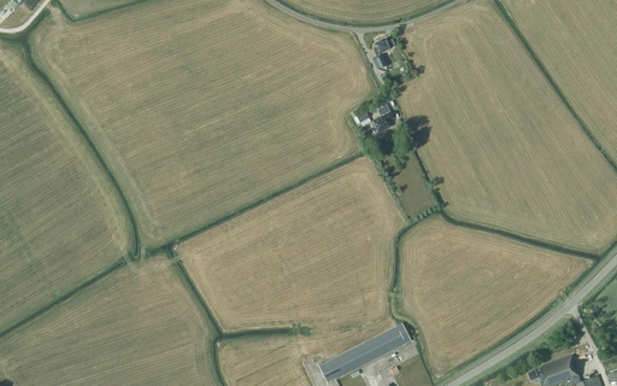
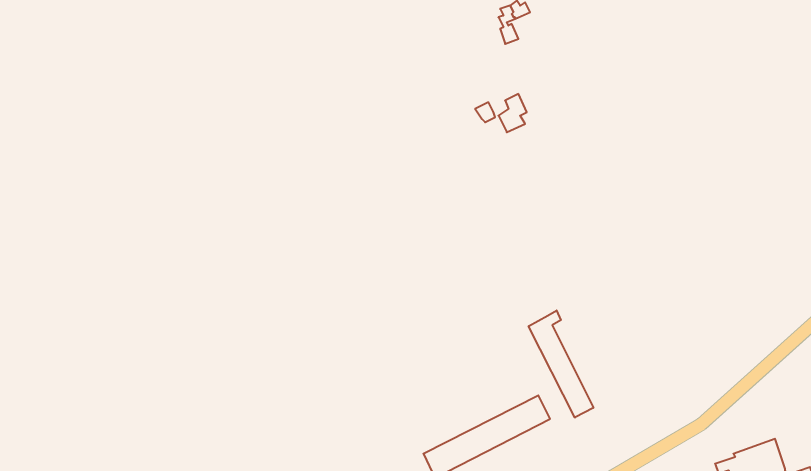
building: none -> [529,310,593,418]

